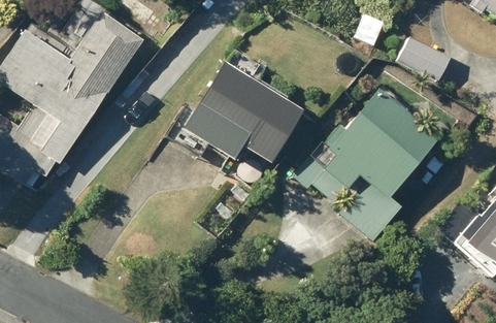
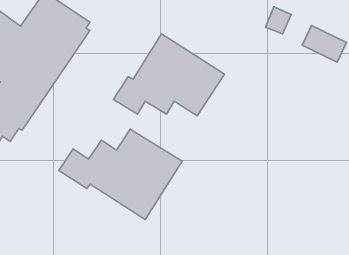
building: [310,93,435,243] -> none
building: none -> [59,129,182,220]

